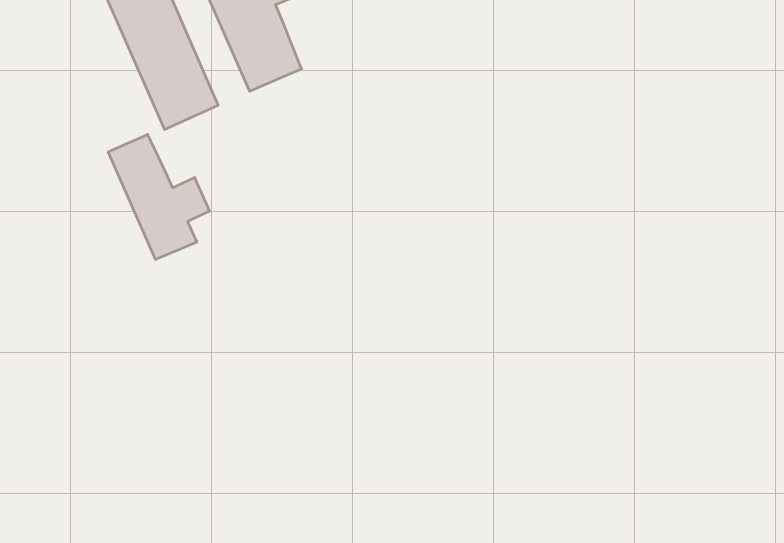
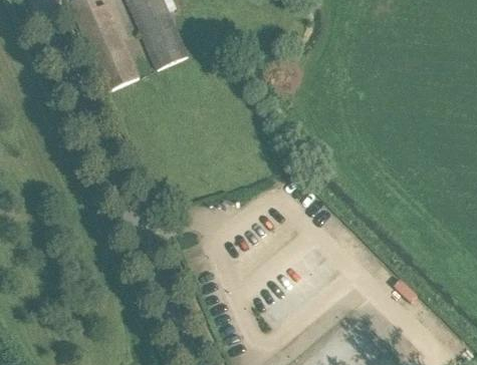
building: [108,134,209,260] -> none

